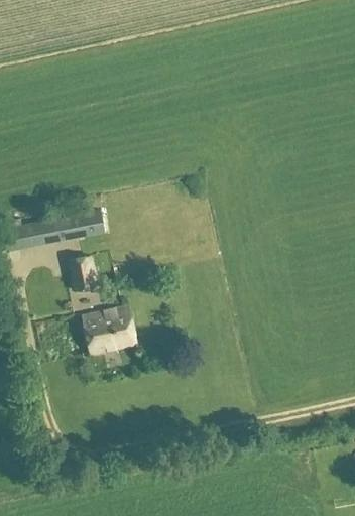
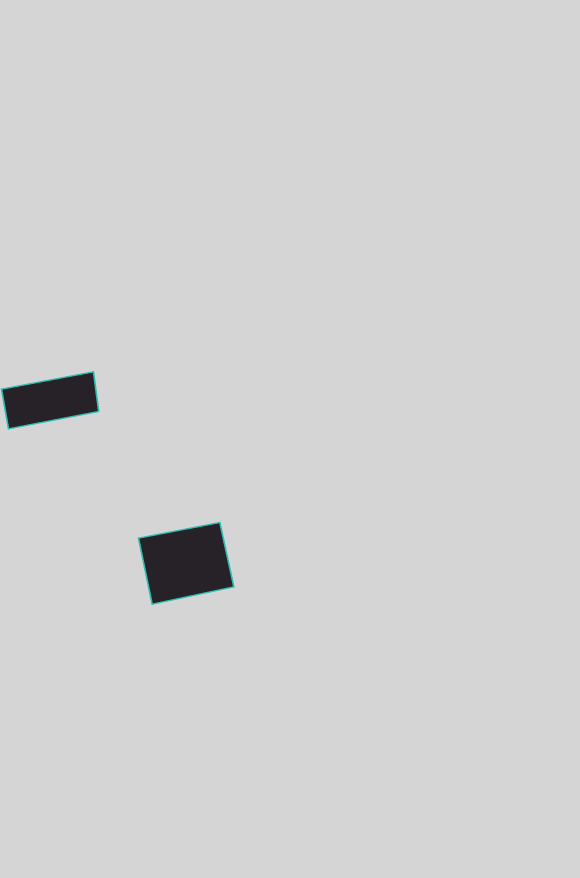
building: [55,210,105,241] -> none
building: [69,256,96,290] -> none

